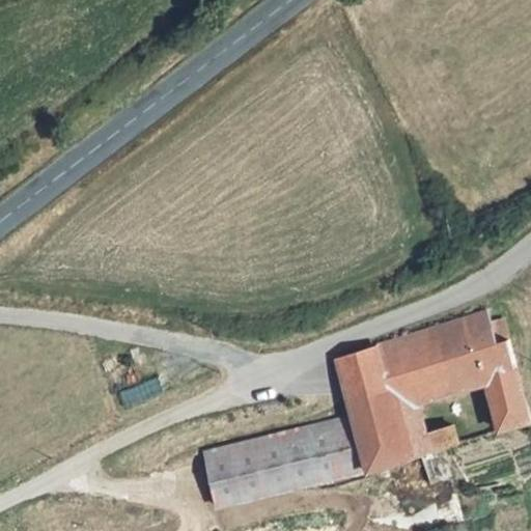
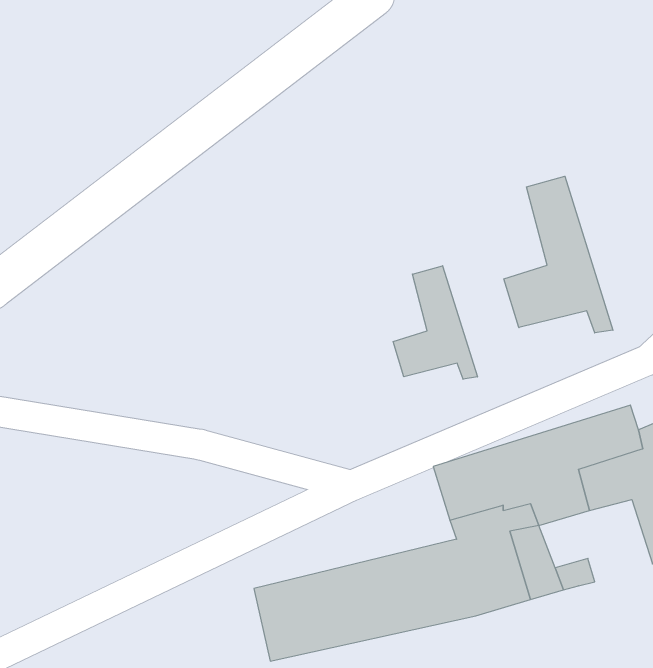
building: none -> [504,176,613,333]
building: none -> [393,266,477,379]

